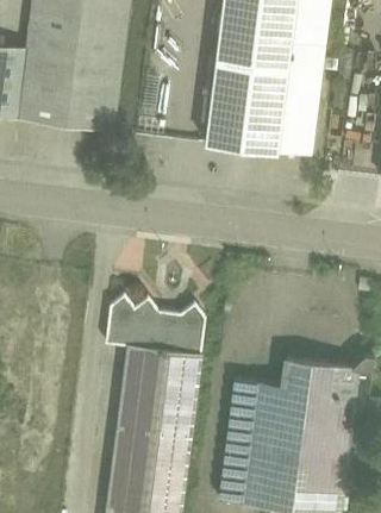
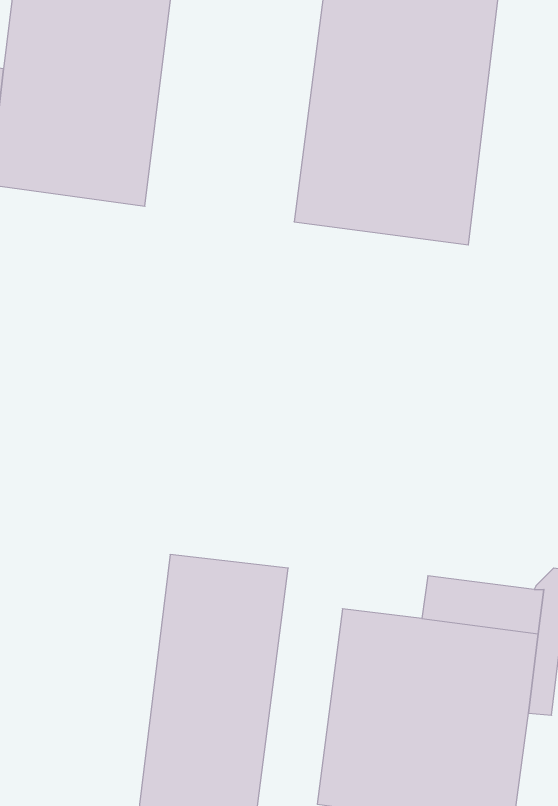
building: [104,296,205,357] -> none

